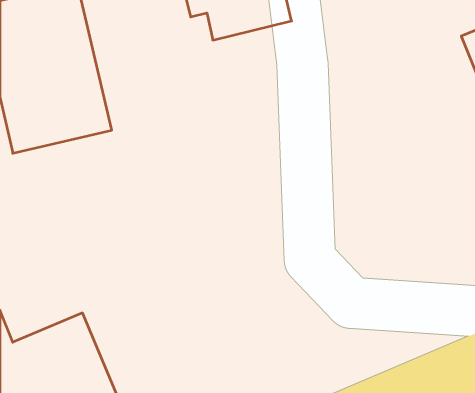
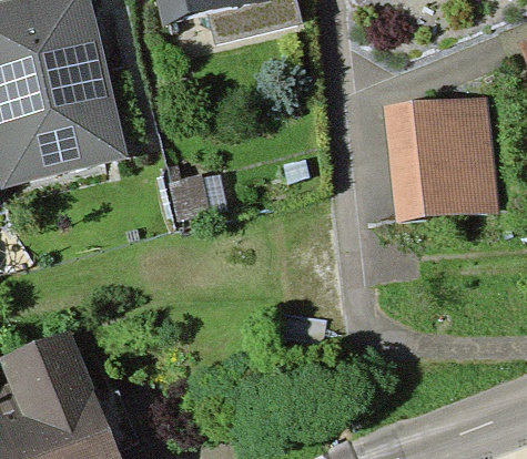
building: none -> [372,102,482,214]

